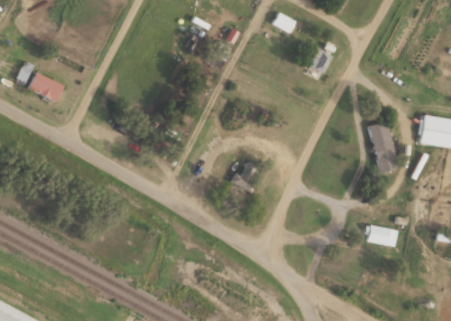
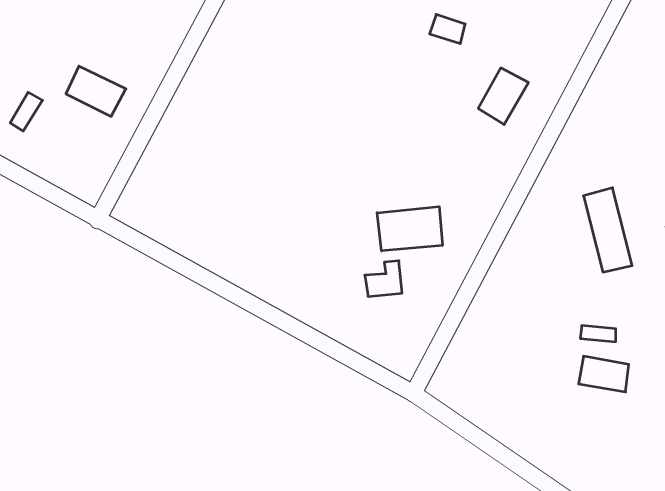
building: [27,72,64,103] -> [66,66,126,116]
building: none -> [377,207,442,251]

